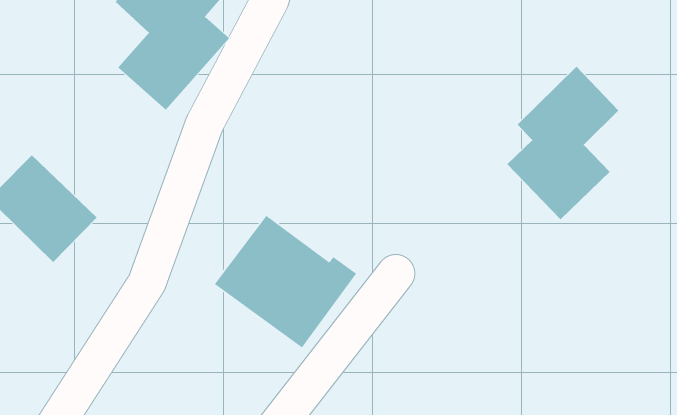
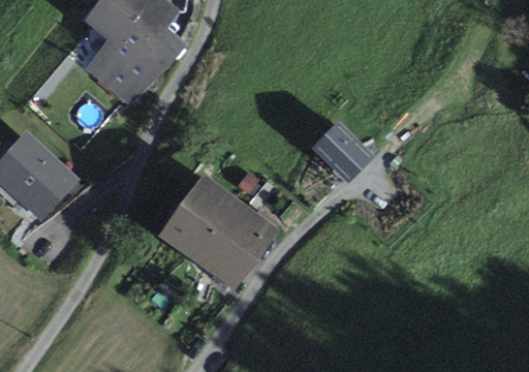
building: [506,66,619,220] -> none
building: none -> [315,125,369,179]

